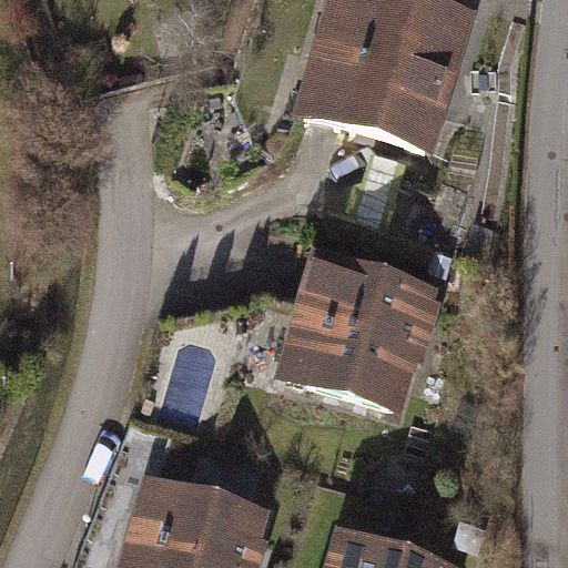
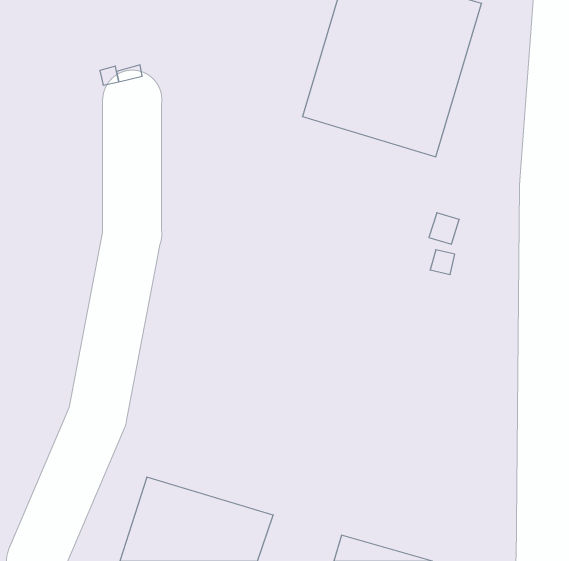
building: [274,251,437,414] -> none

